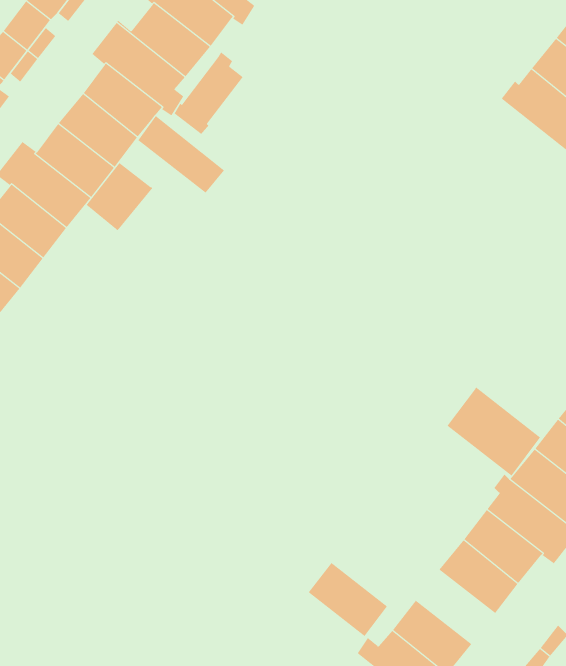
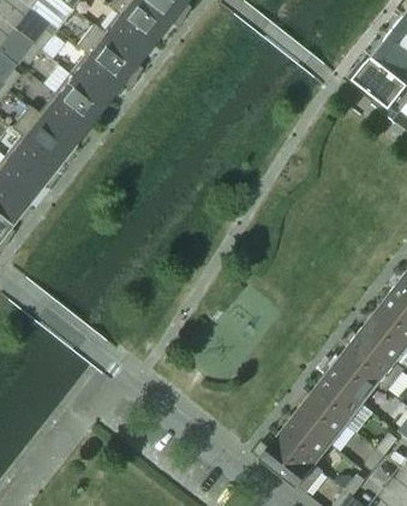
building: [174,51,244,135] -> none
building: [138,115,225,193] -> none
building: [86,162,153,231] -> none
building: [447,387,541,477] -> none
building: [308,562,388,637] -> [294,395,348,446]

